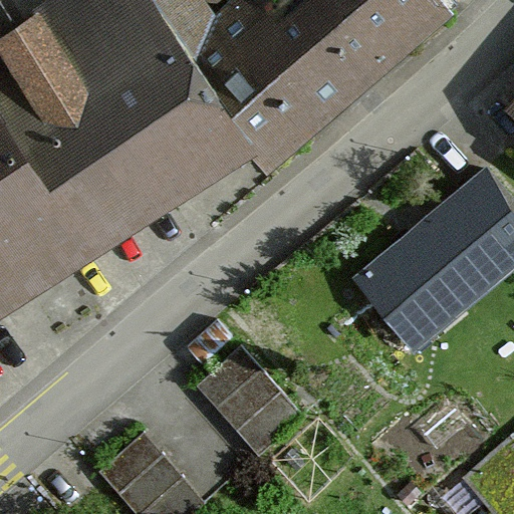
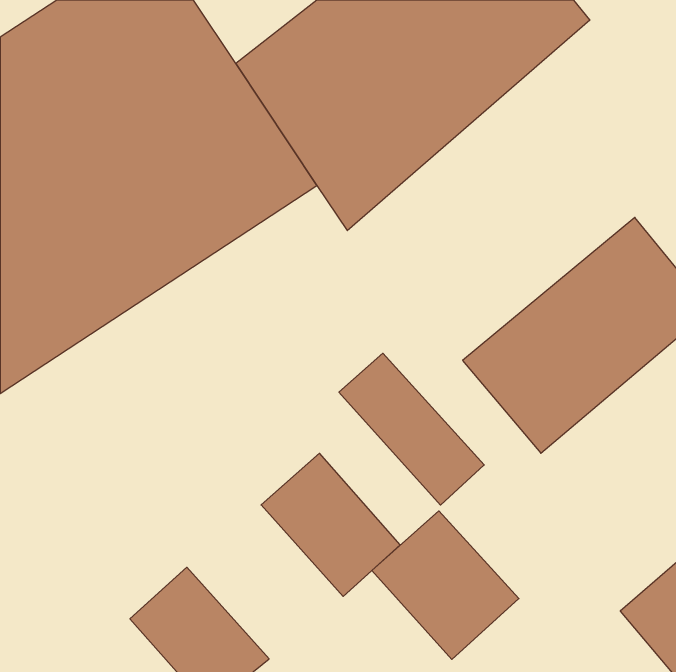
building: none -> [339,353,484,505]
building: none -> [372,511,519,659]

